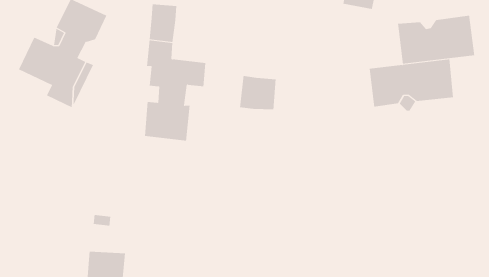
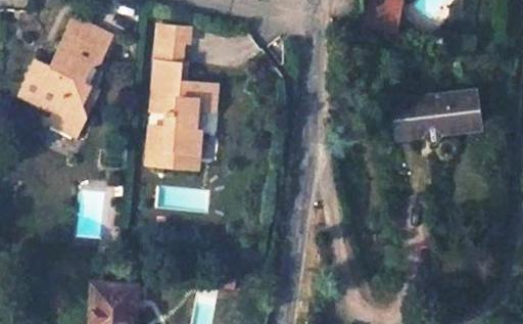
building: [398,15,475,65] -> none
building: [240,75,276,110] -> none

